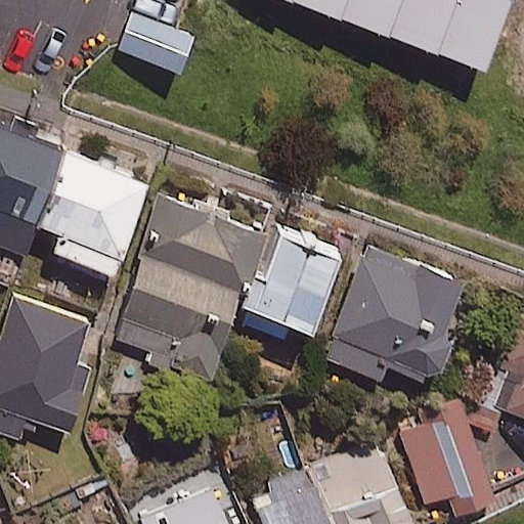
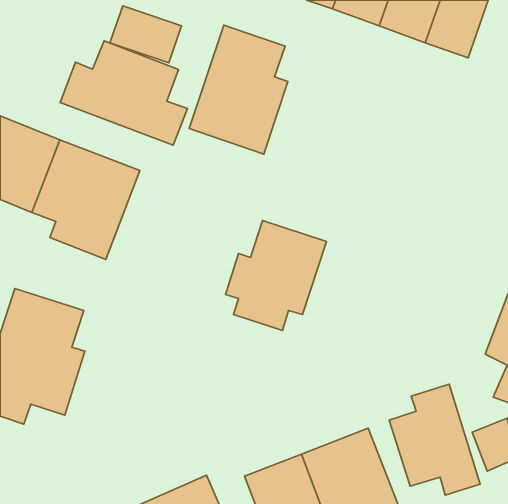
building: none -> [189,25,288,154]
building: none -> [60,41,187,145]
building: [115,198,259,379] -> none
building: [331,249,461,380] -> none

